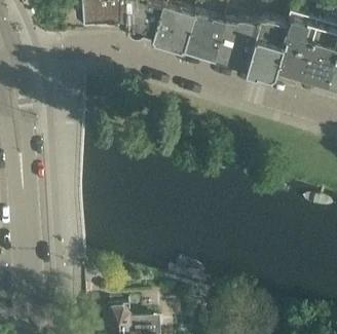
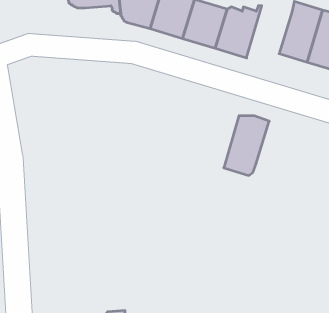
building: [245,23,288,79] -> [224,116,269,175]

